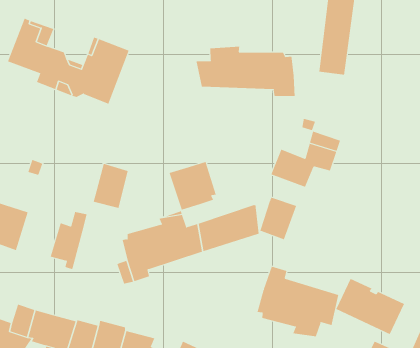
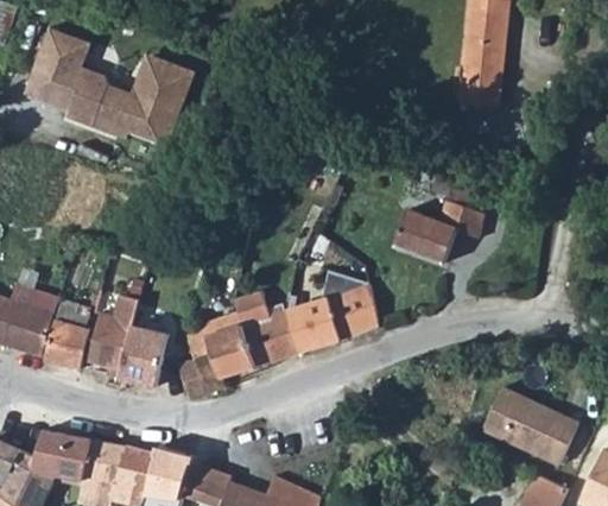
building: [196,46,295,97] -> none
building: [169,161,217,211] -> none
building: [93,163,129,209] -> [118,323,167,386]
building: [259,197,297,240] -> none
building: none -> [43,316,90,366]
building: [257,266,339,337] -> none

